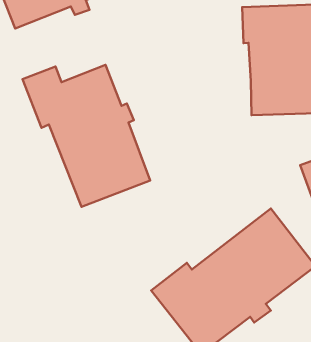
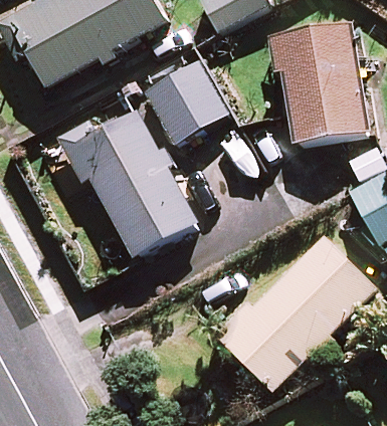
building: none -> [143,58,229,143]

